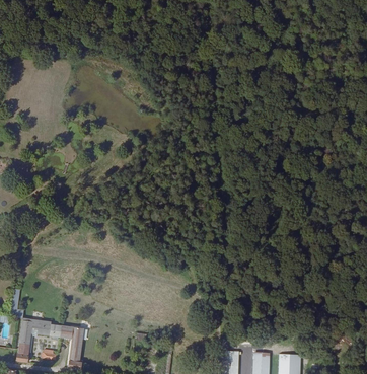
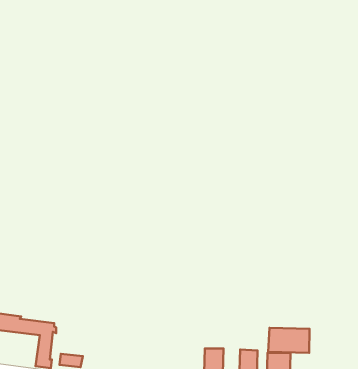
building: none -> [268,328,309,353]

